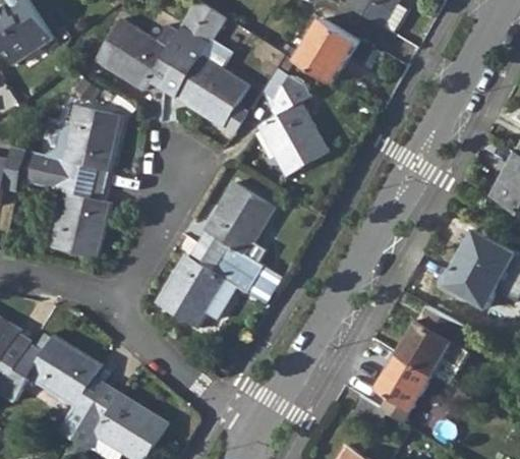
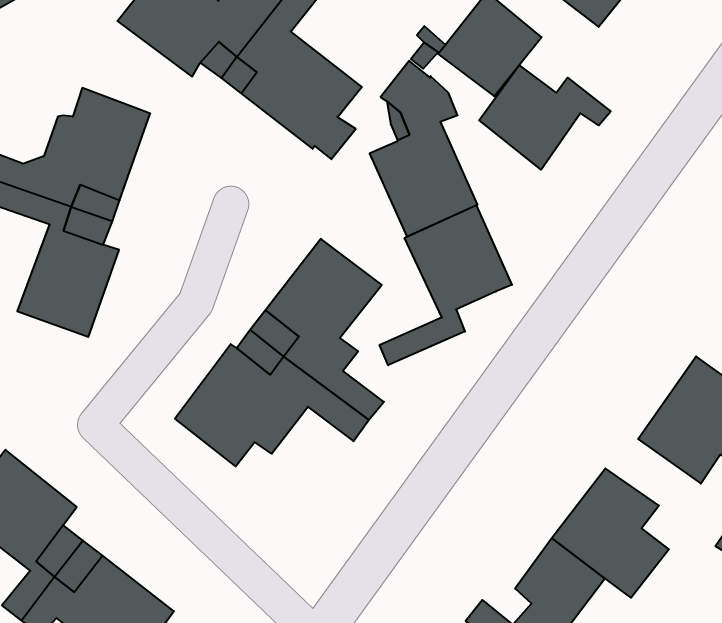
building: none -> [479,65,611,170]
building: none -> [380,205,512,365]

